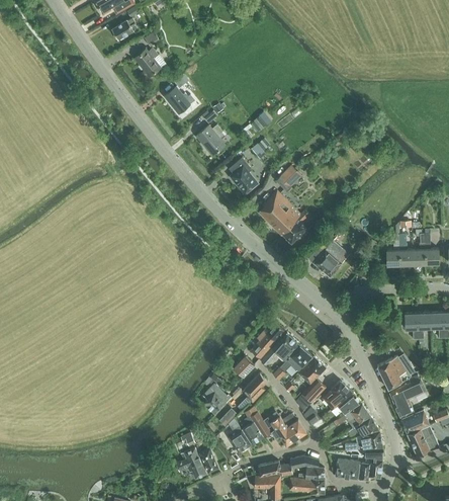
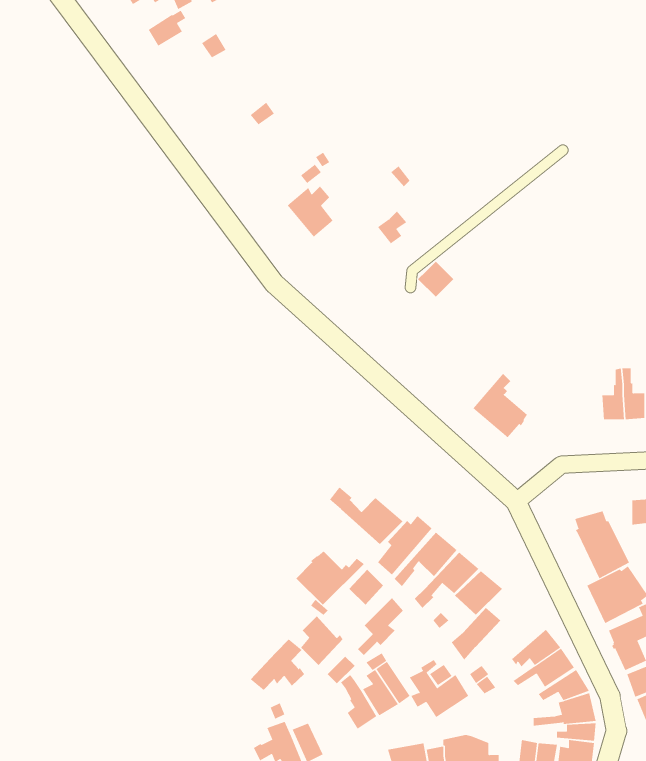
building: [134,48,161,76] -> none
building: [165,87,195,113] -> none
building: [229,157,258,194] -> none
building: [258,190,311,244] -> none
building: none -> [329,486,404,545]
building: none -> [574,511,630,579]
building: none -> [296,551,365,606]
building: [323,381,353,409] -> none
building: none -> [250,638,305,691]

